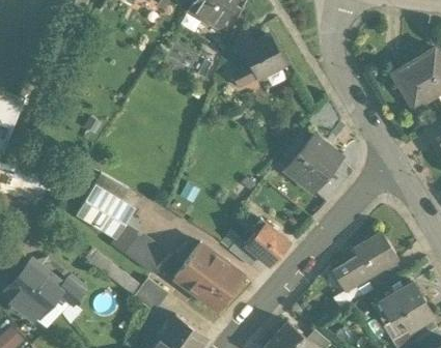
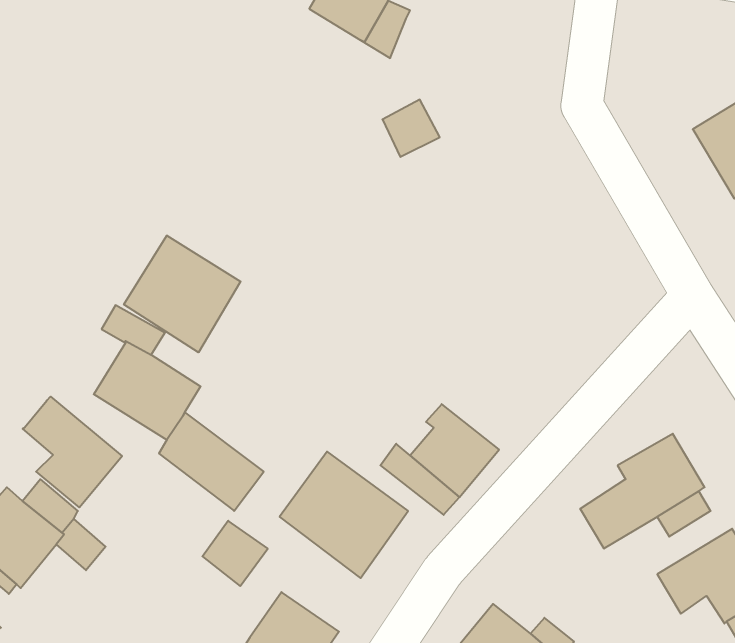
building: [243,35,283,79] -> none
building: none -> [124,235,241,352]
building: [285,137,339,192] -> none
building: none -> [23,397,122,507]

